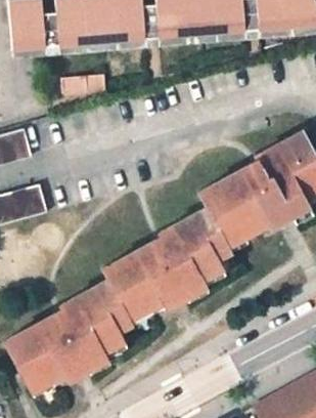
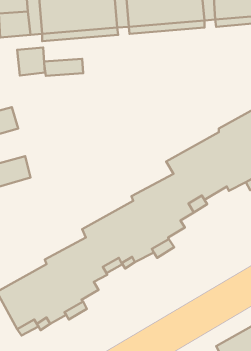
building: none -> [17,47,45,75]

